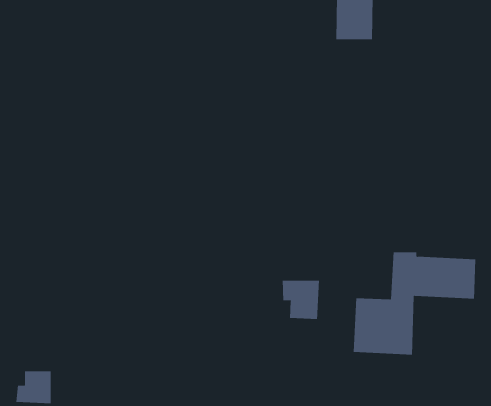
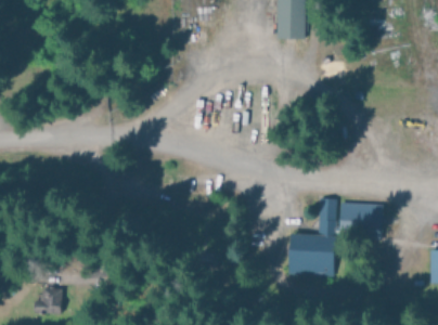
building: [282,280,319,320] -> none

